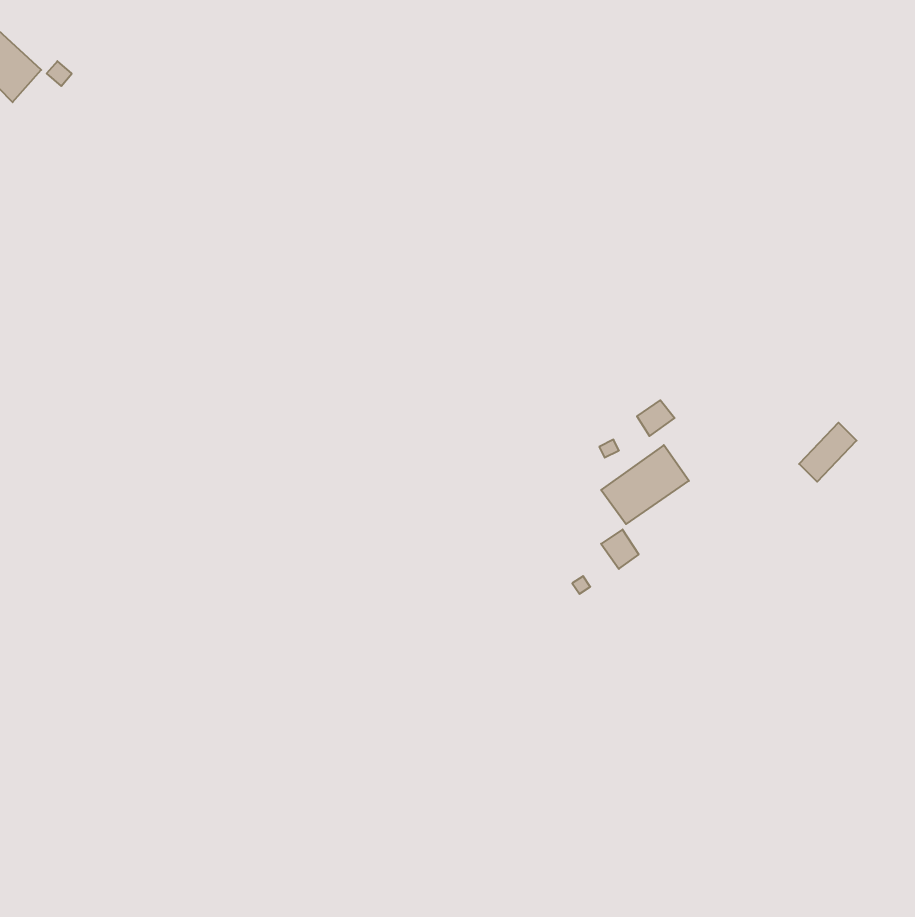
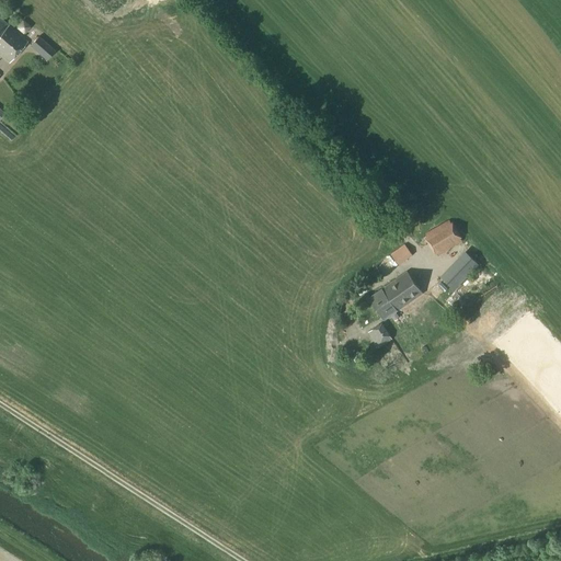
building: none -> [425,221,459,255]
building: [799,423,857,482] -> [440,253,476,289]

